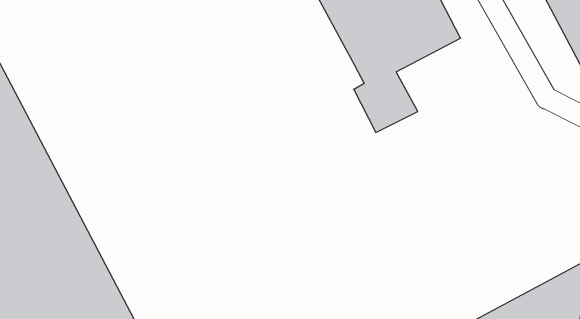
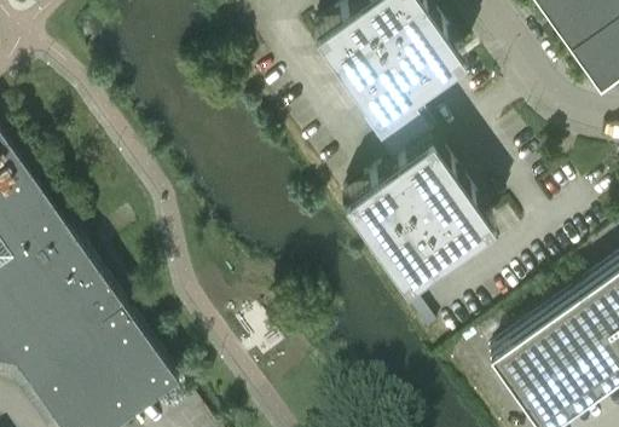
building: none -> [341,138,491,288]

